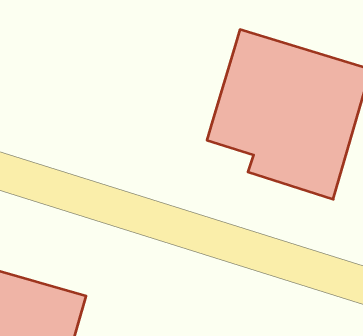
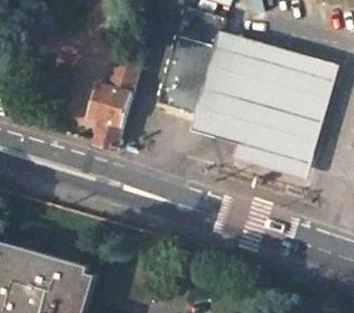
building: none -> [155,31,218,111]
building: none -> [88,48,140,147]

